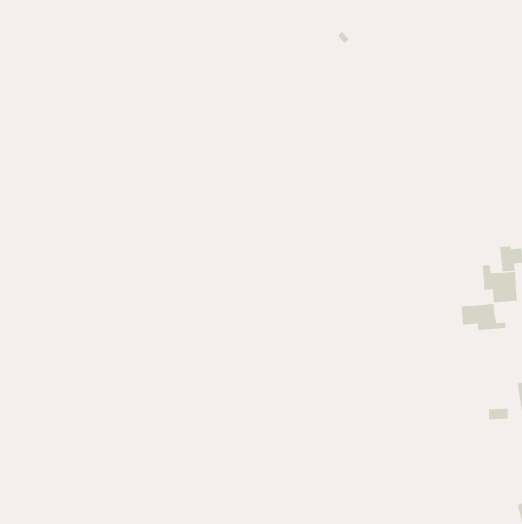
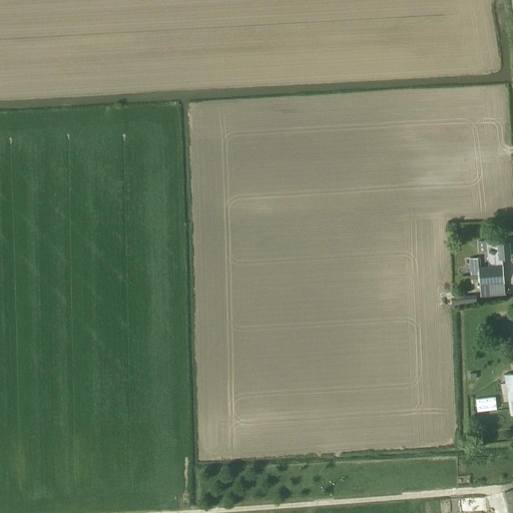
building: [461,303,506,331] -> none

